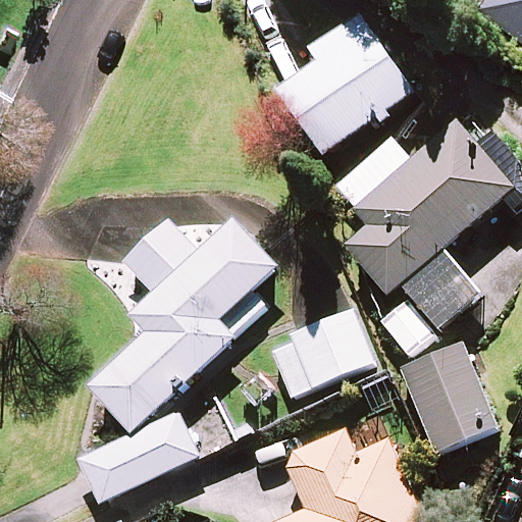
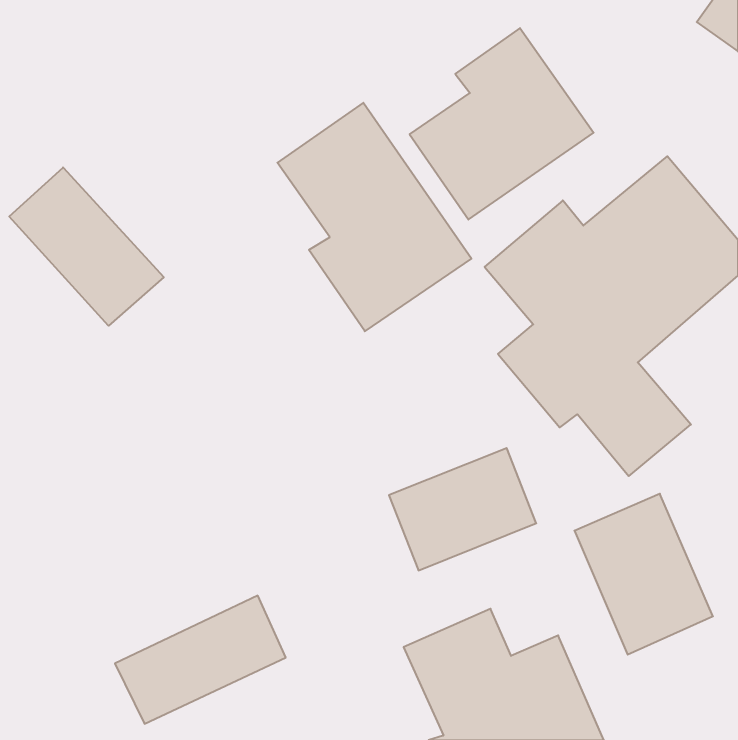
building: none -> [277,103,471,331]
building: none -> [9,167,164,326]
building: [89,207,276,432] -> none

